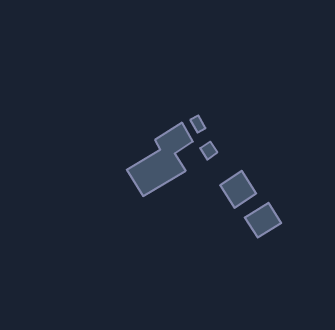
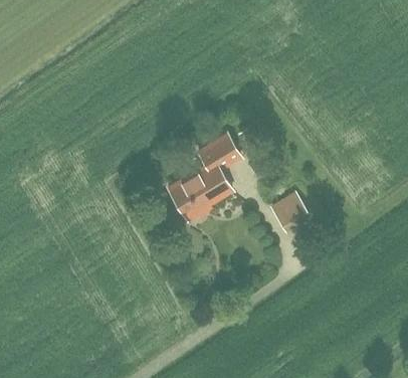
building: [245,203,281,238] -> none

